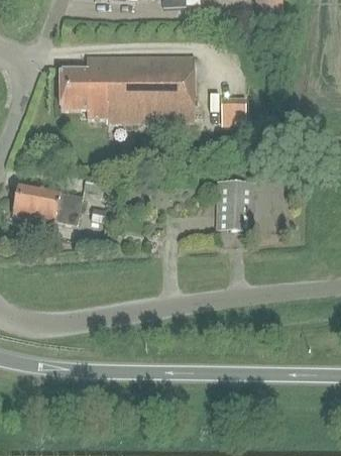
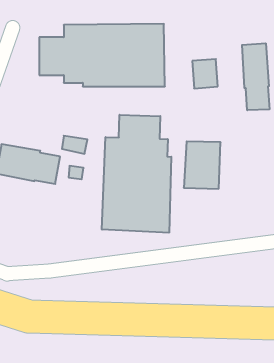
building: none -> [242,43,269,110]
building: none -> [102,115,171,233]

